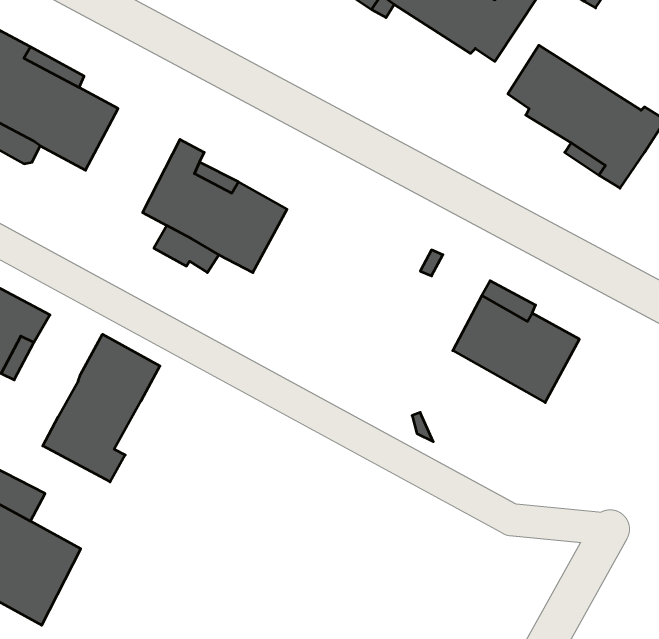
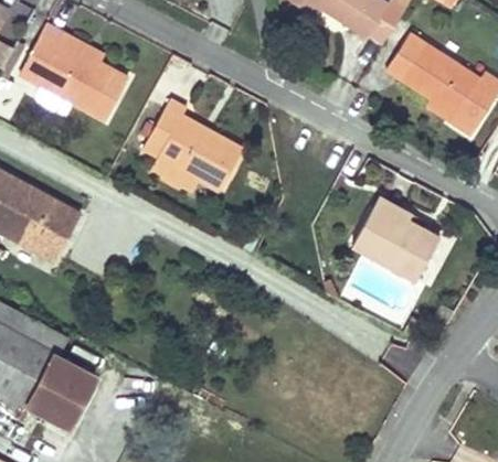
building: [43,334,160,482] -> none

